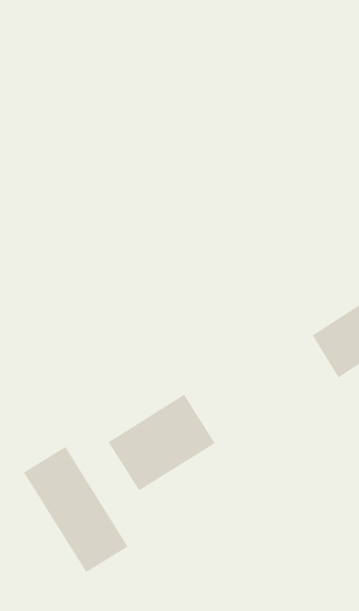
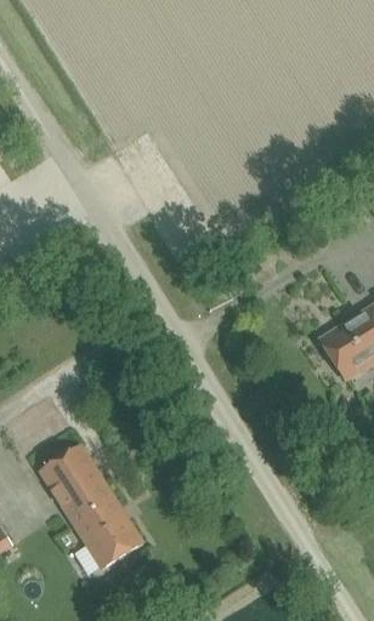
building: [108,394,215,491] -> none

